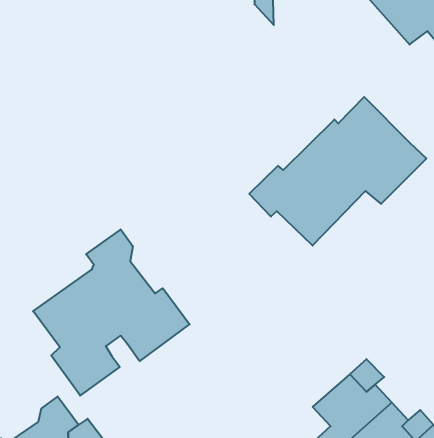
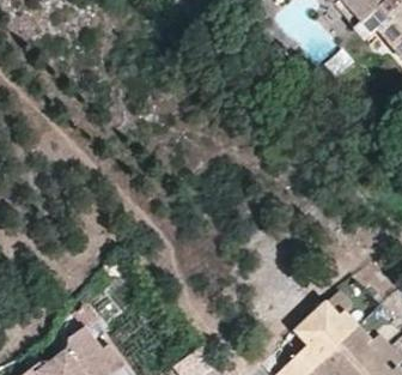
building: [249,97,426,246] -> none
building: [33,229,190,396] -> none

